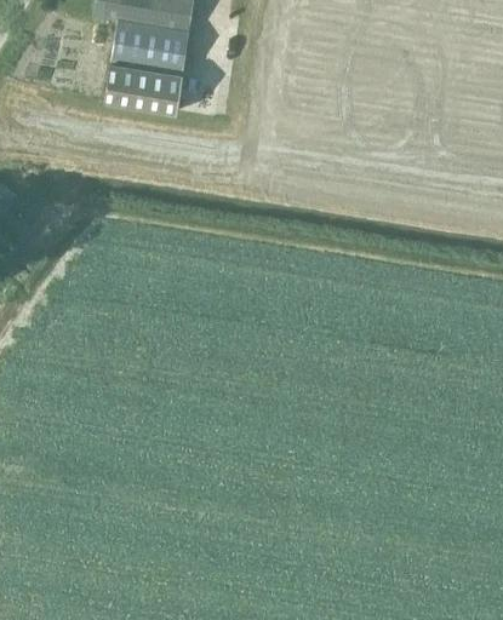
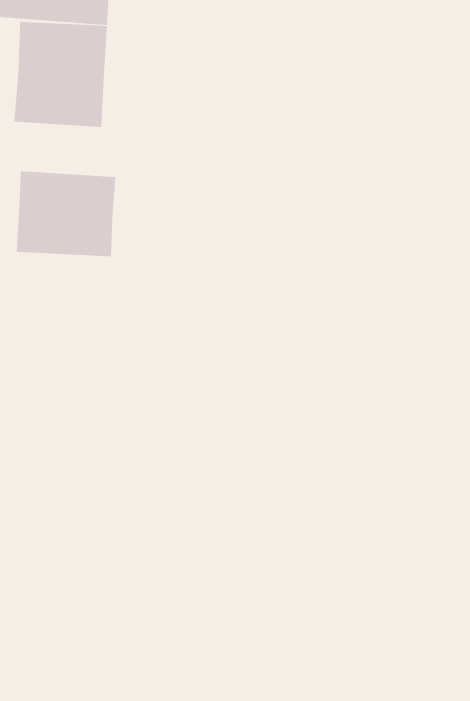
building: none -> [16,170,116,257]

